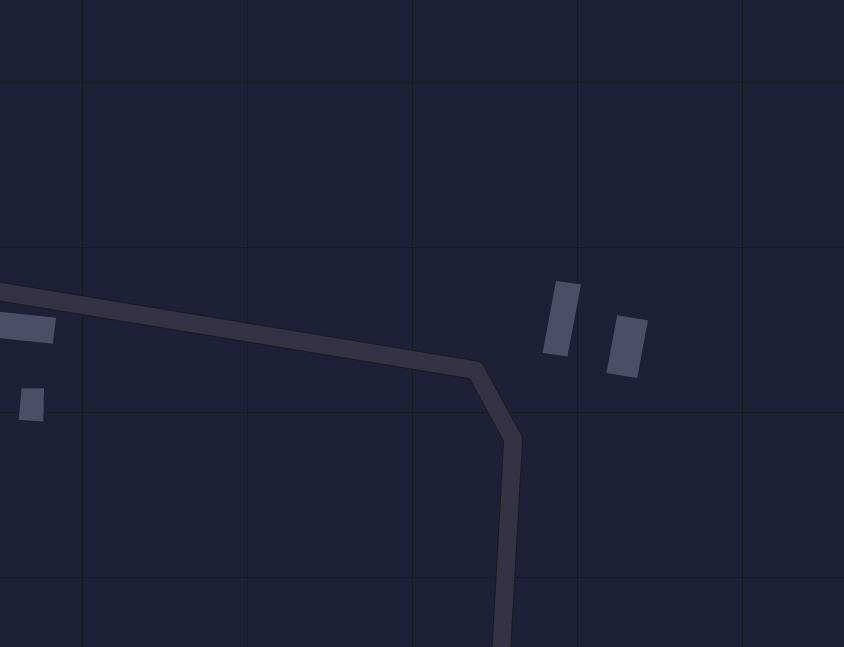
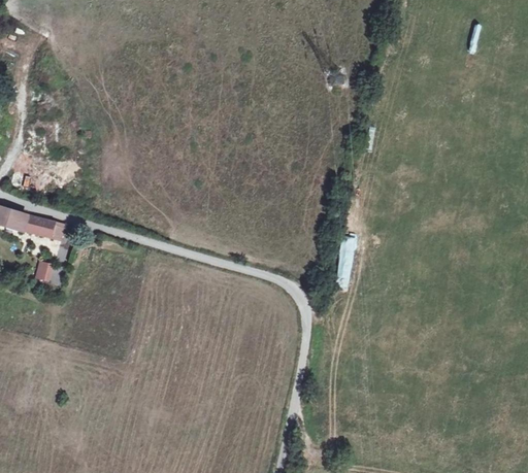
building: [606,315,648,379] -> none

